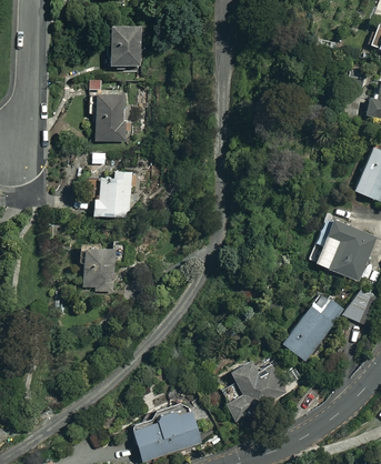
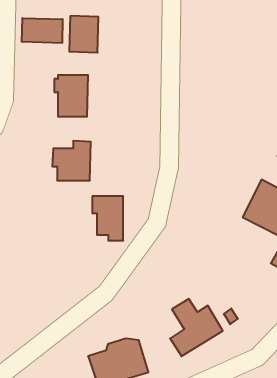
building: none -> [22,18,63,43]
building: [78,240,114,292] -> [92,196,123,241]
building: [281,300,345,361] -> none

